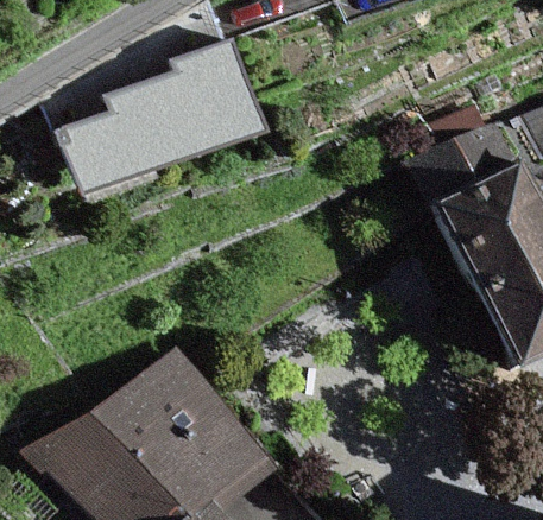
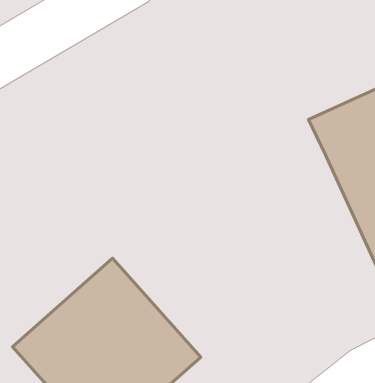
building: [67,39,267,195] -> none

